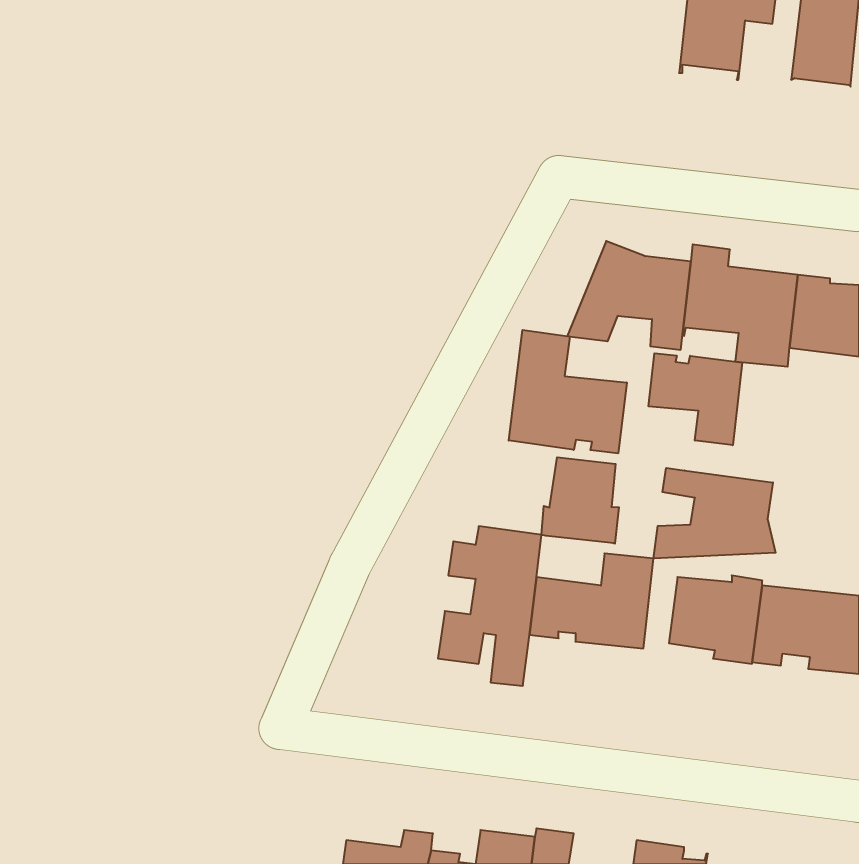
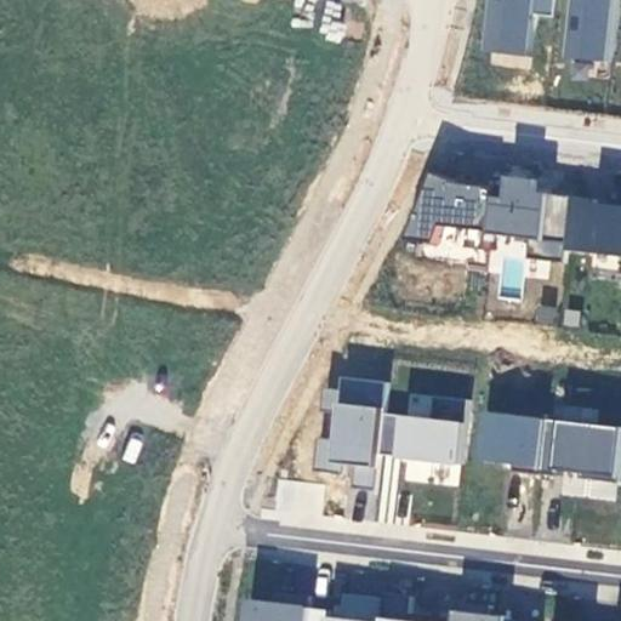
building: [509,330,627,453] -> none
building: [649,353,742,445] -> none
building: [542,457,619,544] -> none
building: [654,468,776,558] -> none

